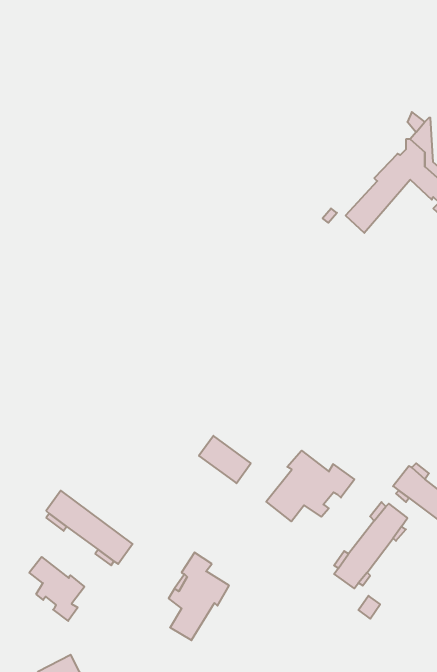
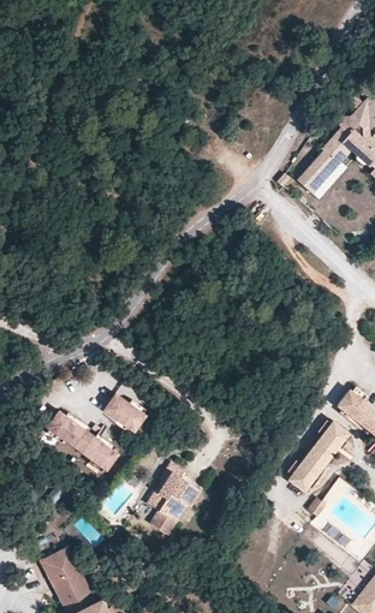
building: [199,436,251,483] -> [103,393,147,433]
building: [266,451,354,521] -> none
building: [29,557,84,621] -> none

